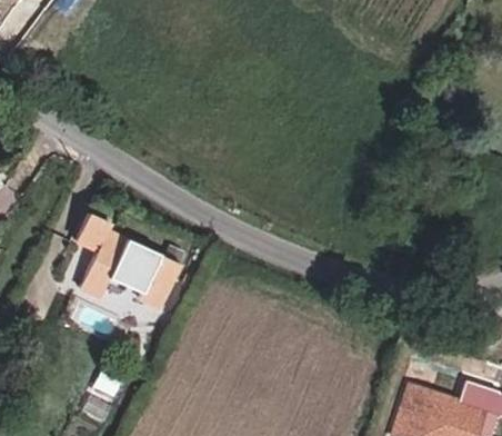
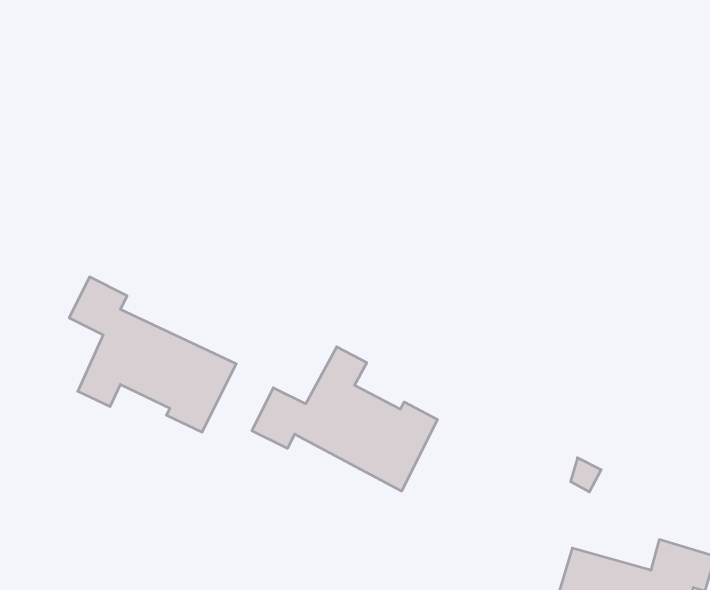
building: none -> [252,347,437,491]

